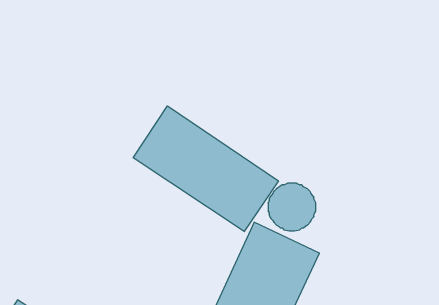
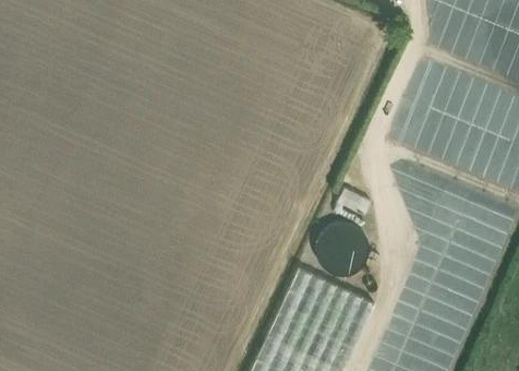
building: [133,106,278,232] -> none

